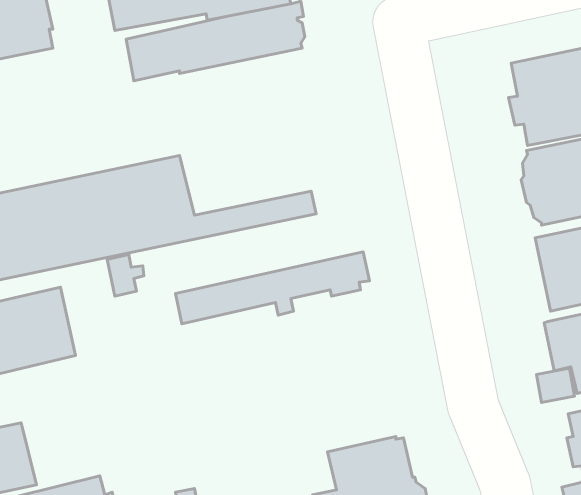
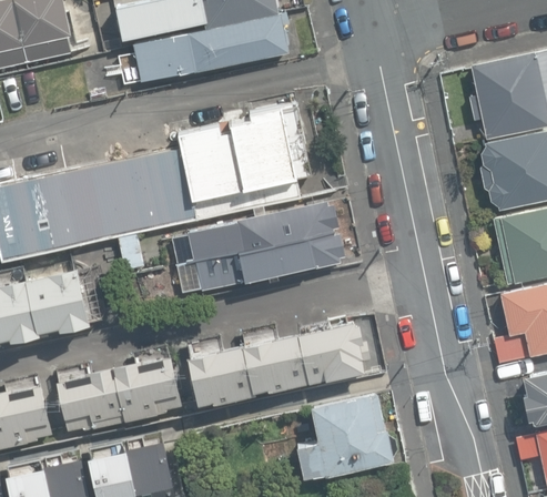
building: none -> [180,105,311,201]
building: none -> [171,202,338,266]
building: none -> [186,317,372,406]
building: none -> [57,354,183,434]

